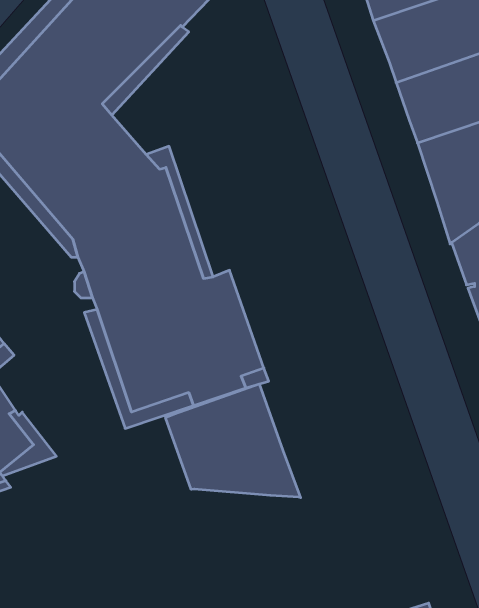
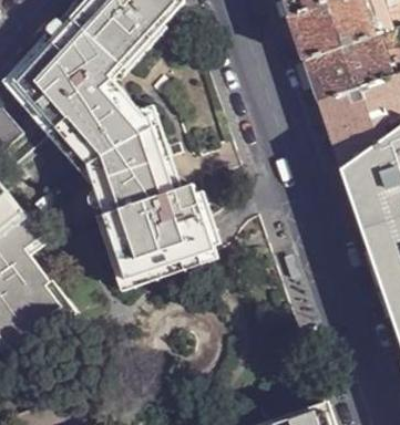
building: [166,384,301,498] -> none

